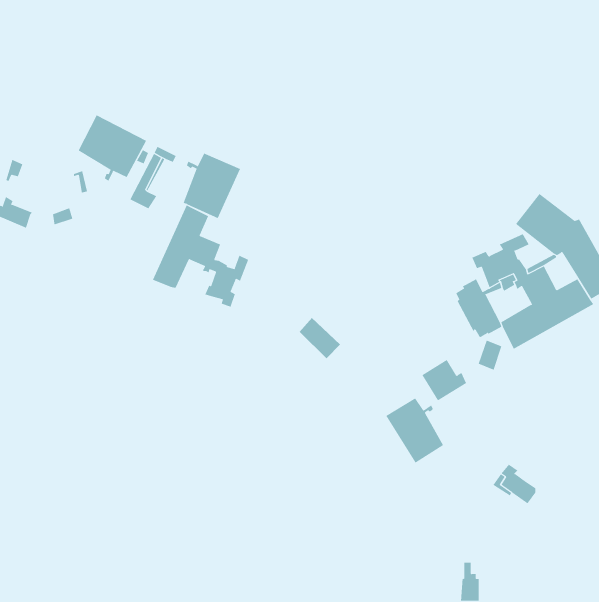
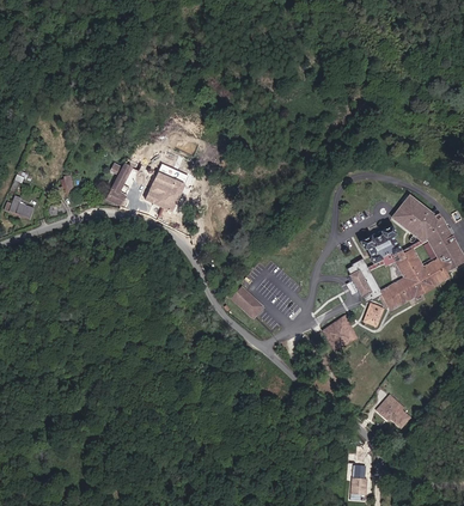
building: [78,115,147,182] -> none
building: [152,204,249,307] -> none
building: [386,397,444,463] -> none

